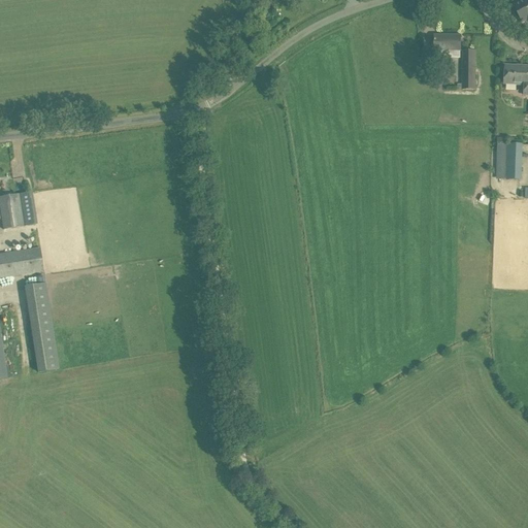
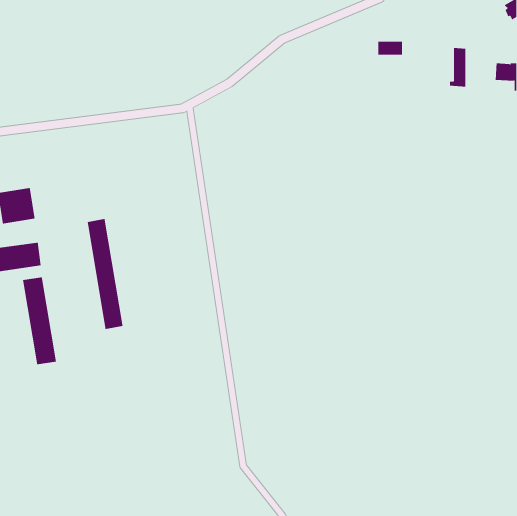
building: [433,34,459,48] -> [378,41,403,55]
building: [495,142,522,178] -> none
building: none -> [87,218,123,330]

